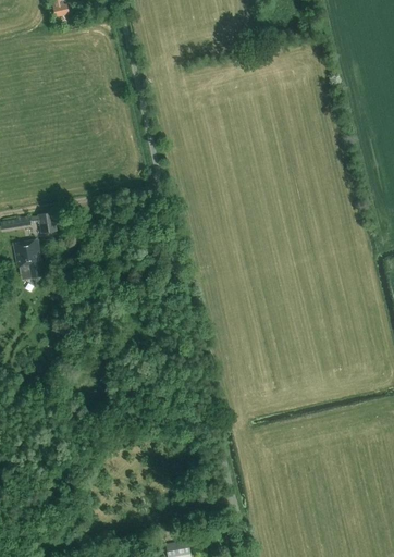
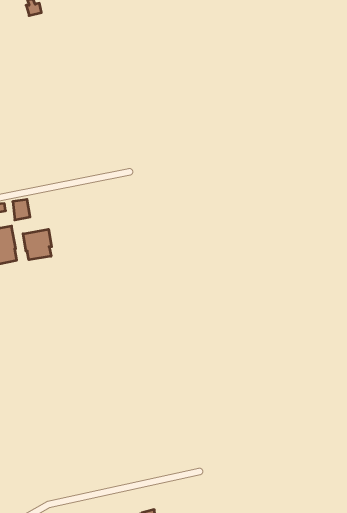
building: none -> [23,229,52,260]

